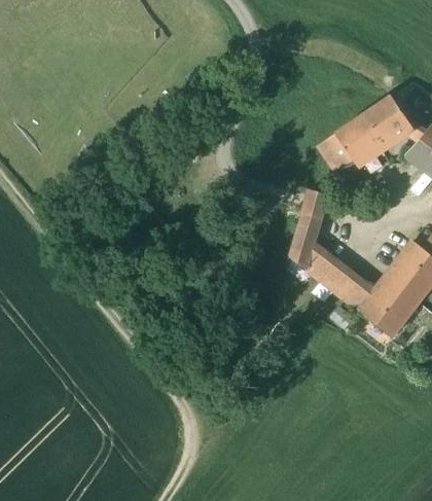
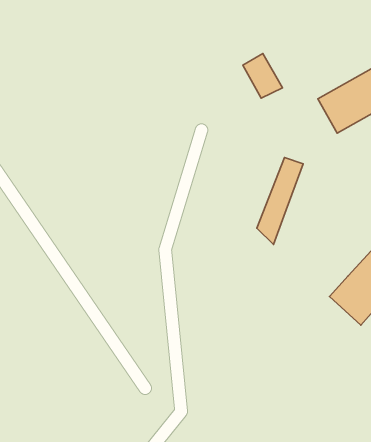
building: [318,133,356,174] -> [243,53,282,98]
building: [307,243,377,313] -> none

